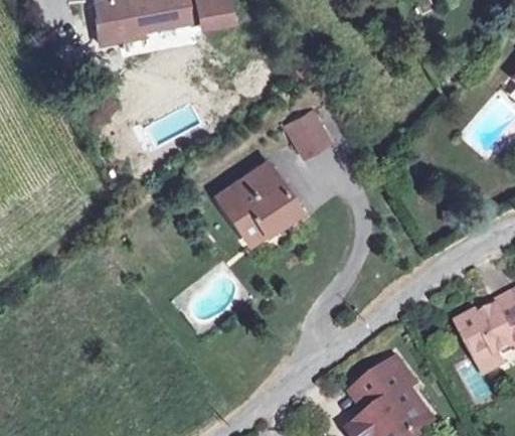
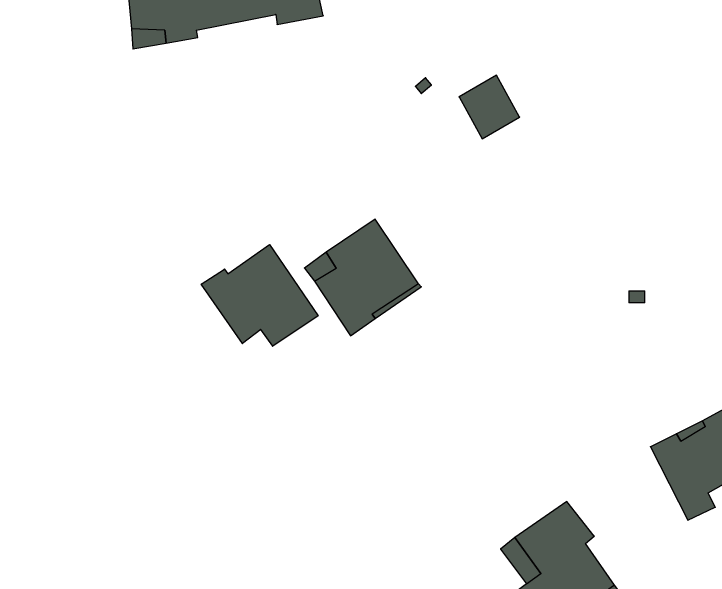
building: [286,113,328,157] -> [459,75,520,139]
building: none -> [201,245,318,346]

